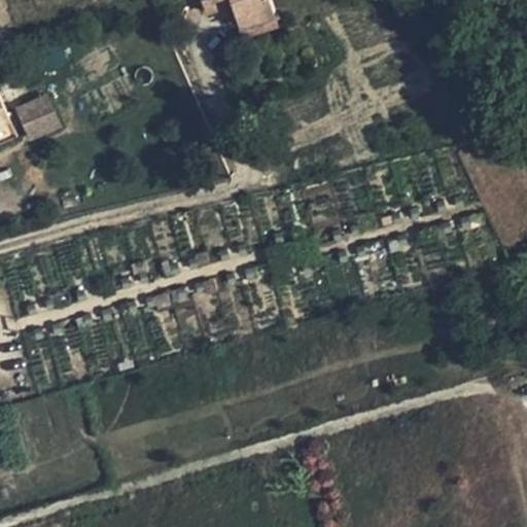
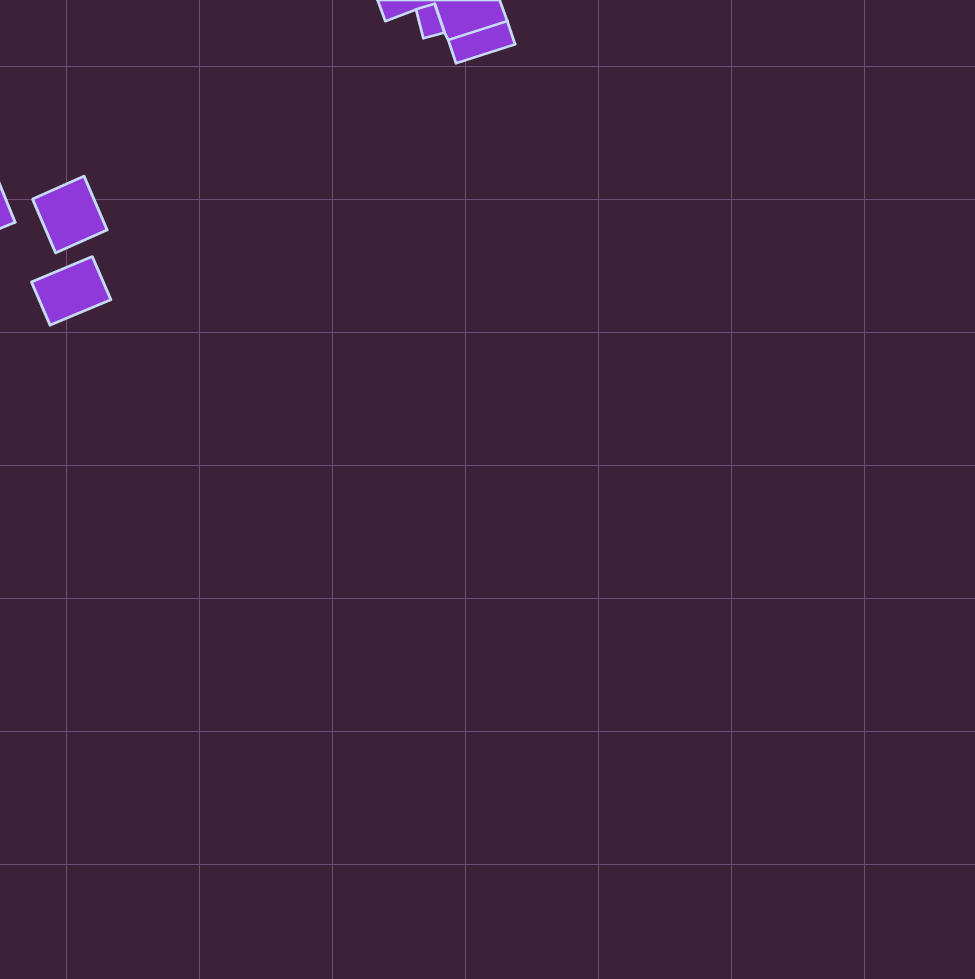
building: none -> [32,257,111,325]

